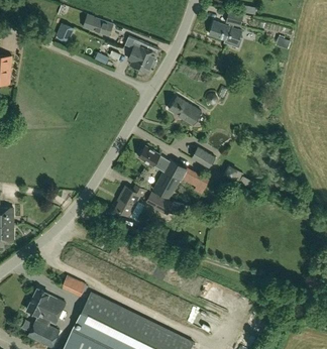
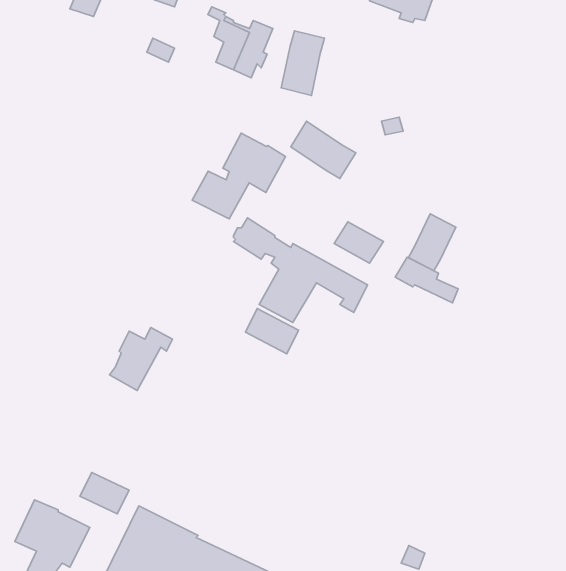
building: none -> [281,31,325,95]
building: none -> [192,133,286,219]
building: none -> [408,214,456,271]
building: [115,184,147,216] -> [109,327,173,390]

